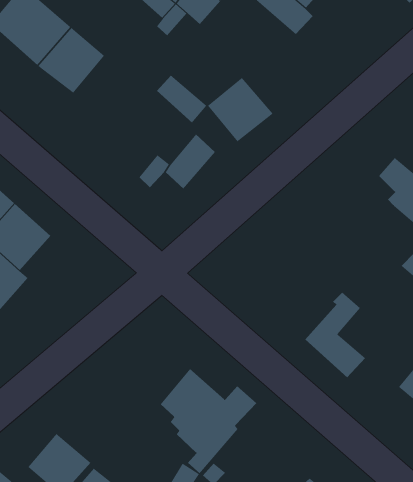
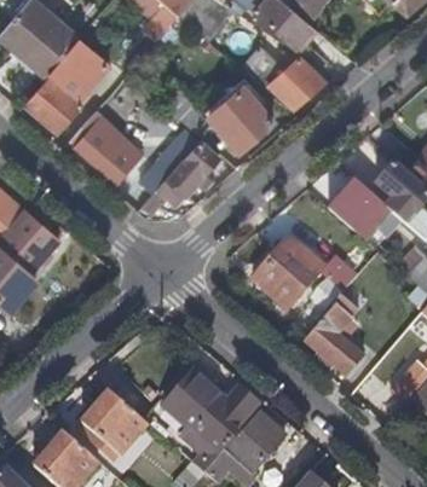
building: none -> [243,50,323,109]
building: none -> [28,79,85,132]
building: none -> [71,122,134,180]
building: none -> [306,179,391,239]
building: none -> [252,233,323,308]
building: none -> [81,388,146,451]
building: none -> [225,411,285,472]

